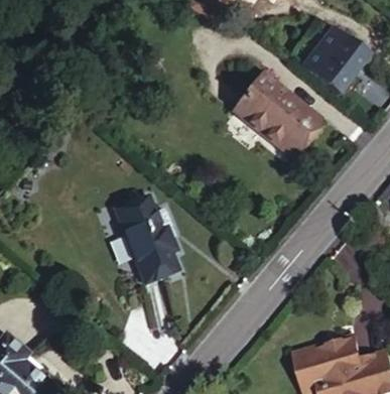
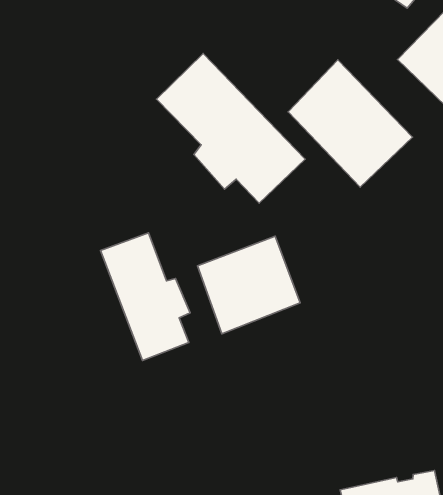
building: none -> [156,53,305,203]
building: none -> [198,236,300,334]

